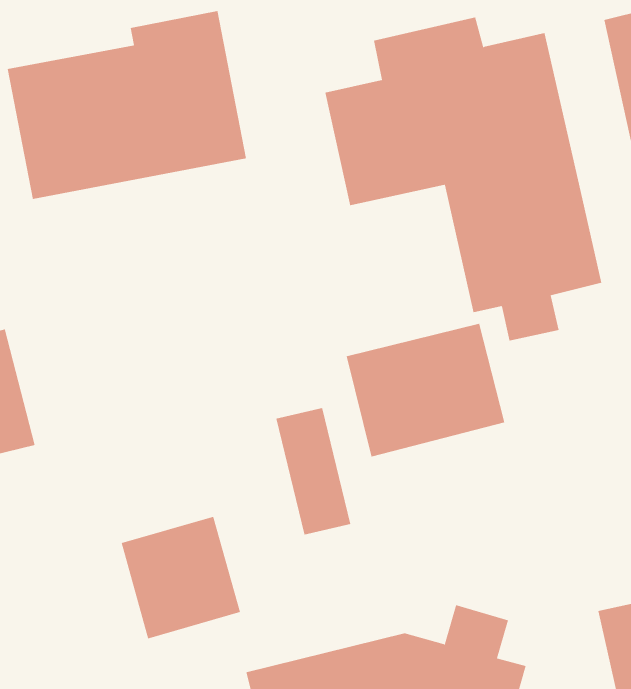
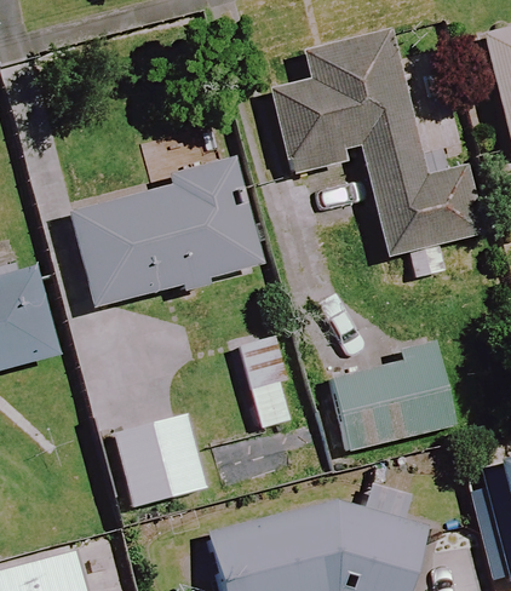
building: [7,10,247,199] -> [74,159,258,304]
building: [346,323,505,457] -> [332,348,454,451]

